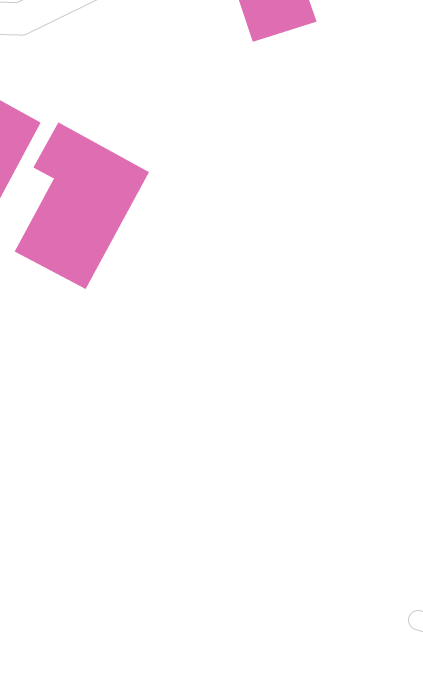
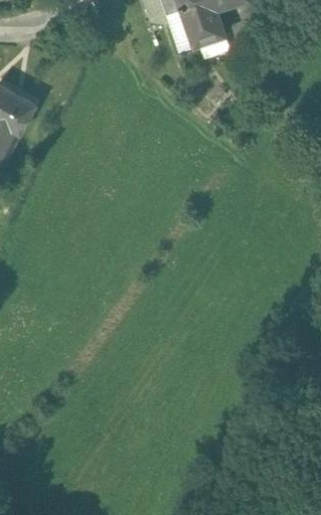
building: [14,122,150,290] -> none

